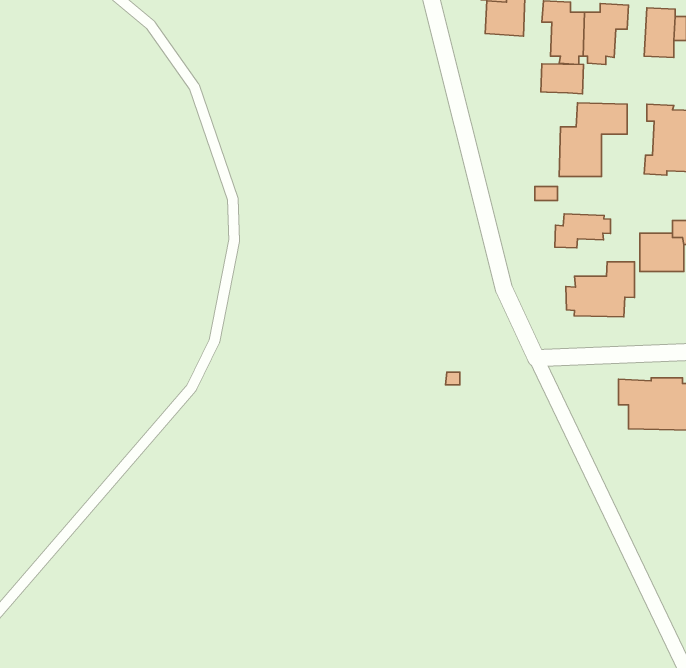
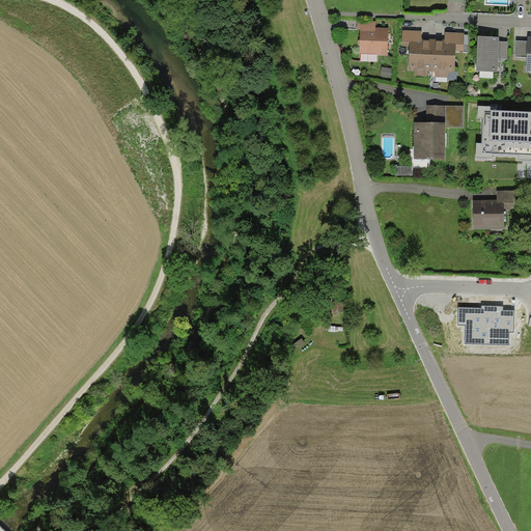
building: [541,64,583,94] -> none
building: [555,214,610,248] -> none
building: [566,262,634,317] -> none

